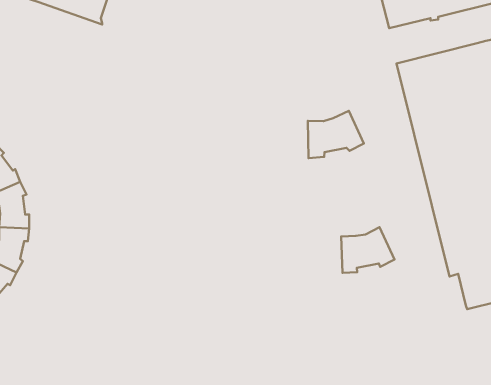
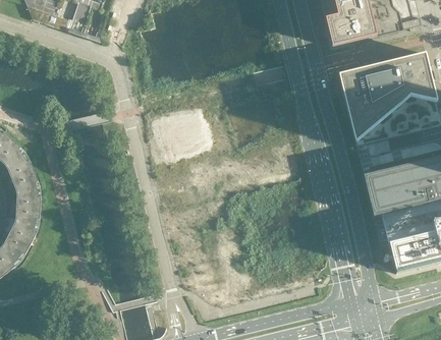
building: [308,111,364,158] -> none
building: [341,227,394,273] -> none

